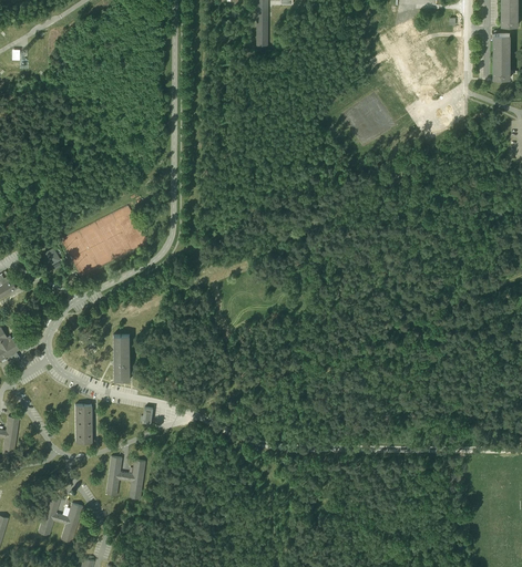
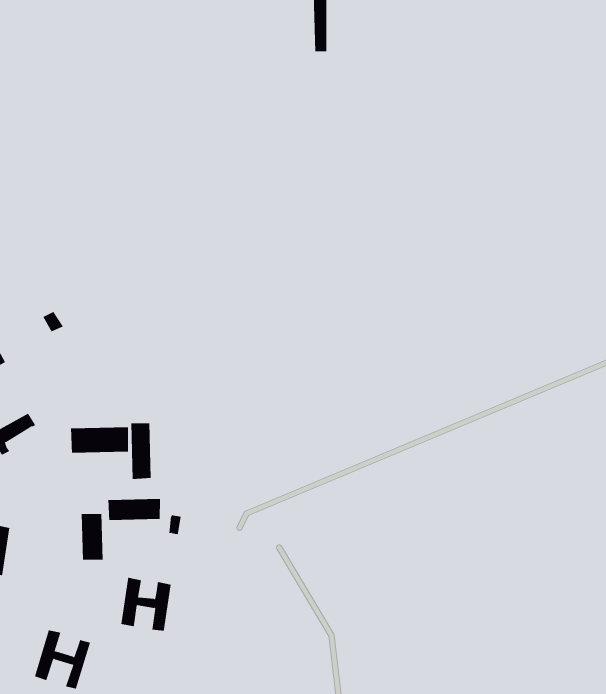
building: none -> [70,427,129,453]
building: none -> [108,498,160,521]

